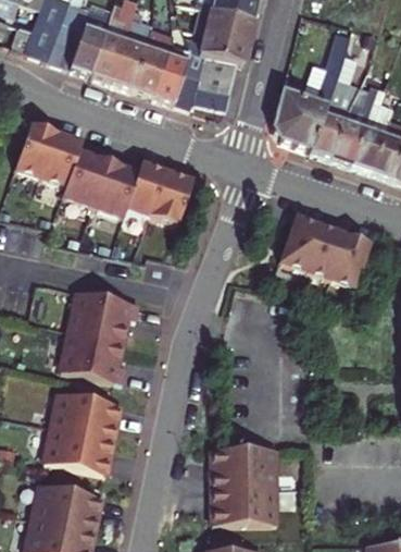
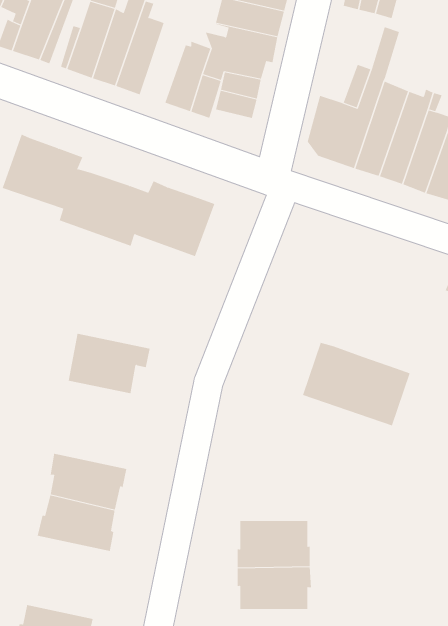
building: [131,27,174,96] -> none
building: [280,216,372,286] -> [302,342,411,426]
building: [62,330,127,382] -> none
building: [36,483,102,530] -> none

